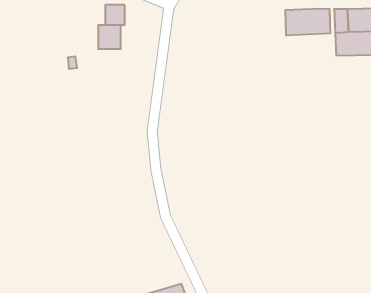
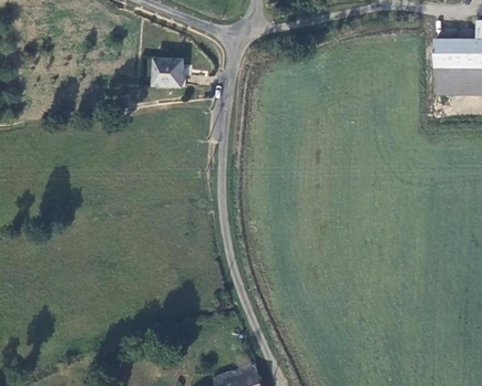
building: [106,5,124,25] -> none
building: [285,9,330,36] -> none

